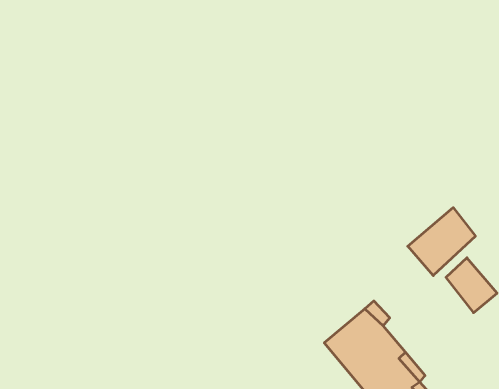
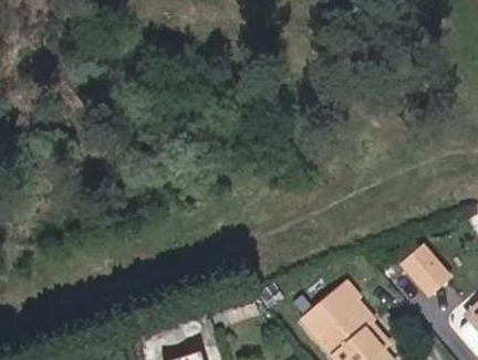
building: [408,208,475,276] -> none

